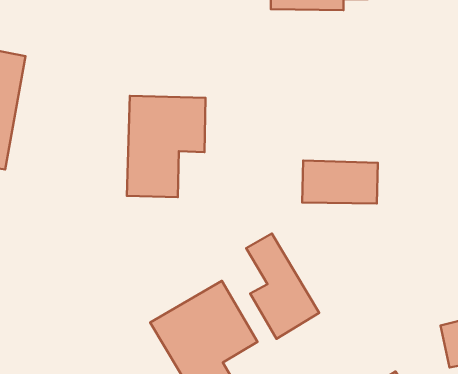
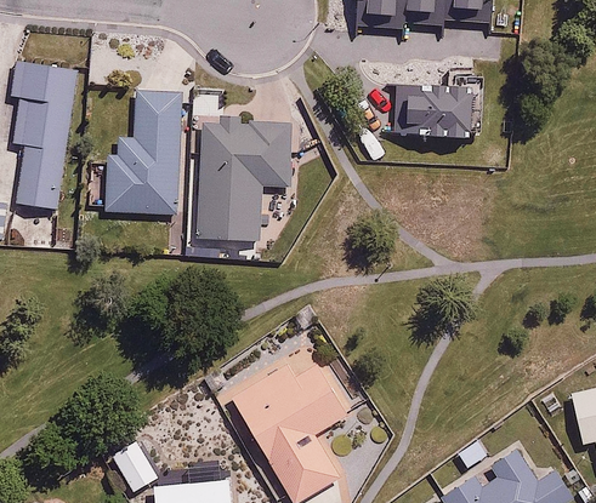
building: none -> [103,91,181,215]
building: [302,161,378,204] -> [392,85,482,136]
building: [246,234,319,339] -> none

